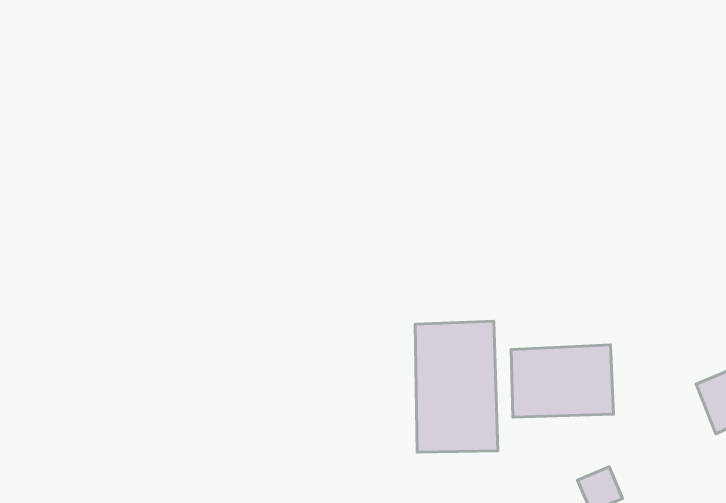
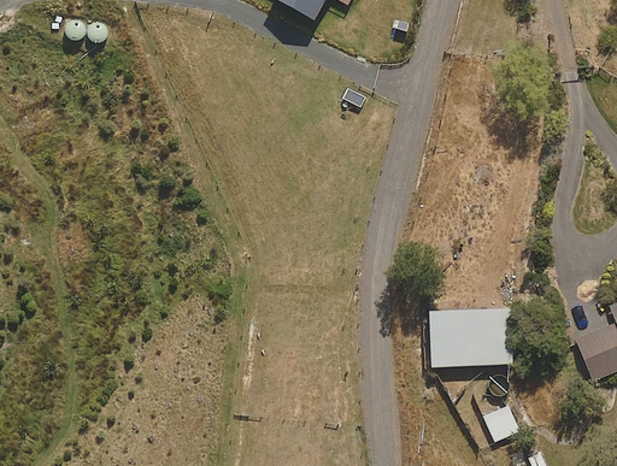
building: [415,321,498,452] -> none

